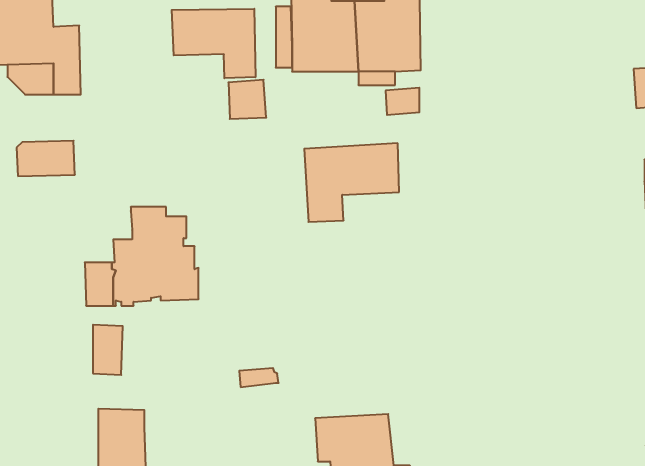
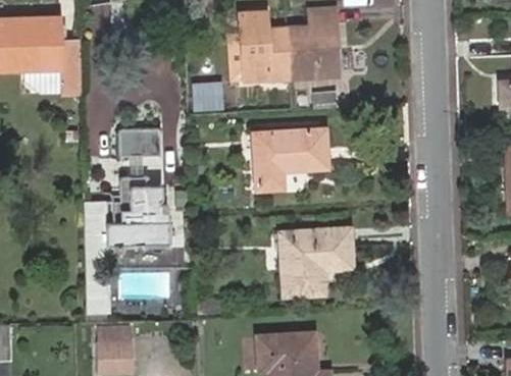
building: [172,9,255,78] -> none
building: [17,141,75,176] -> [117,130,161,157]
building: none -> [279,230,351,296]

